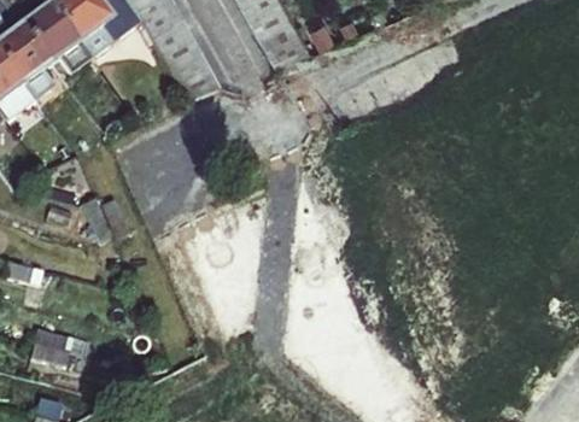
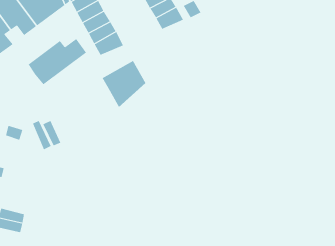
building: none -> [28,38,87,85]
building: none -> [102,60,146,108]

